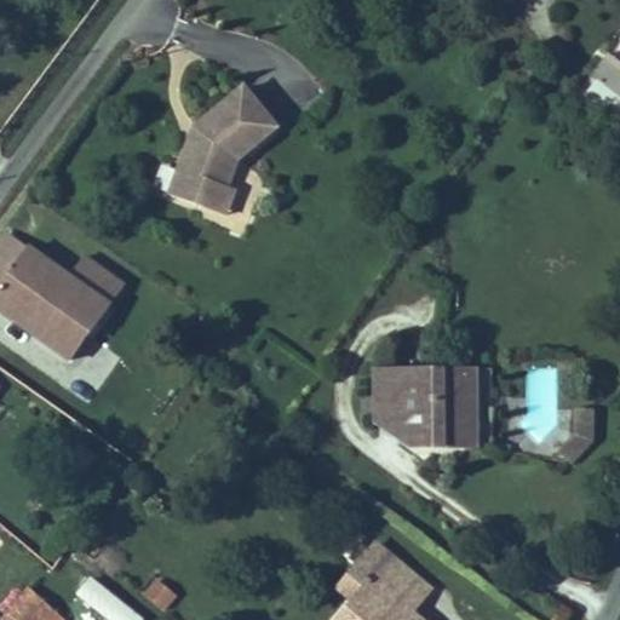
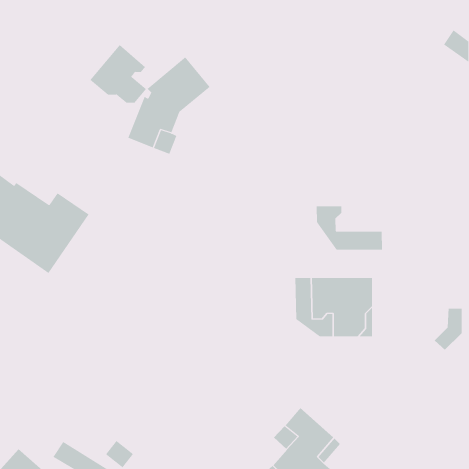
building: none -> [90,44,147,103]
building: none -> [316,205,383,250]

